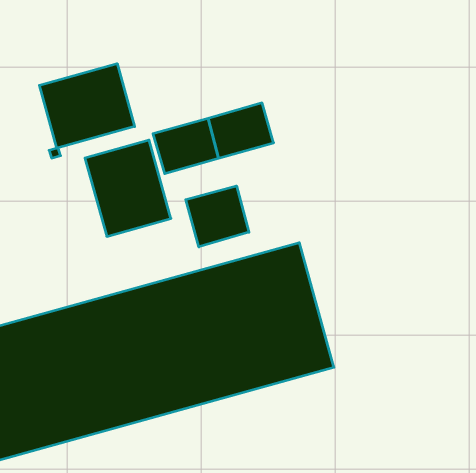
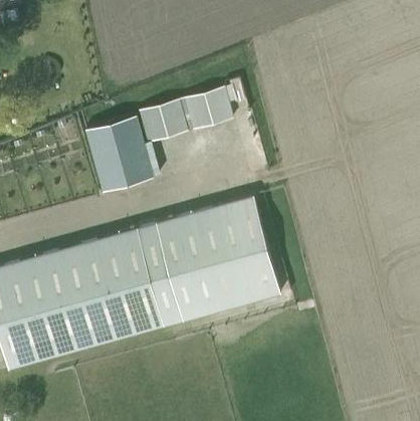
building: [39,64,135,148] -> none
building: [186,186,249,247] -> none

